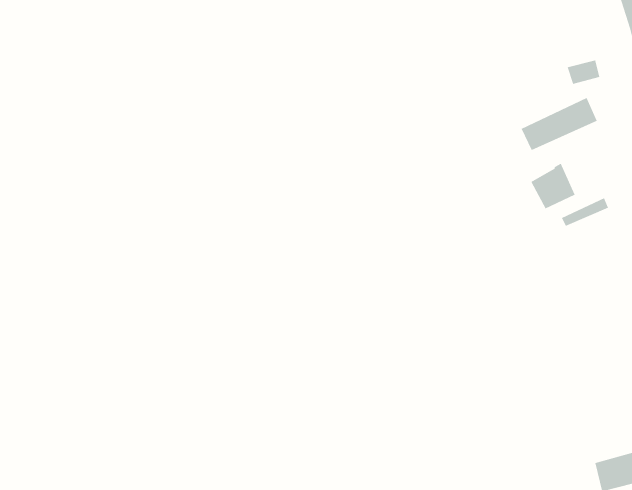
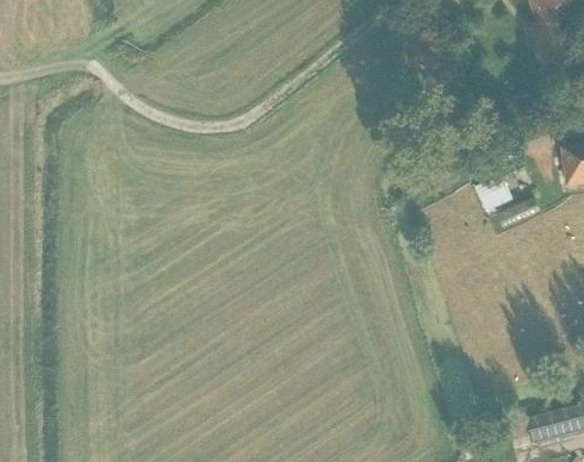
building: [521,97,597,151] -> none

